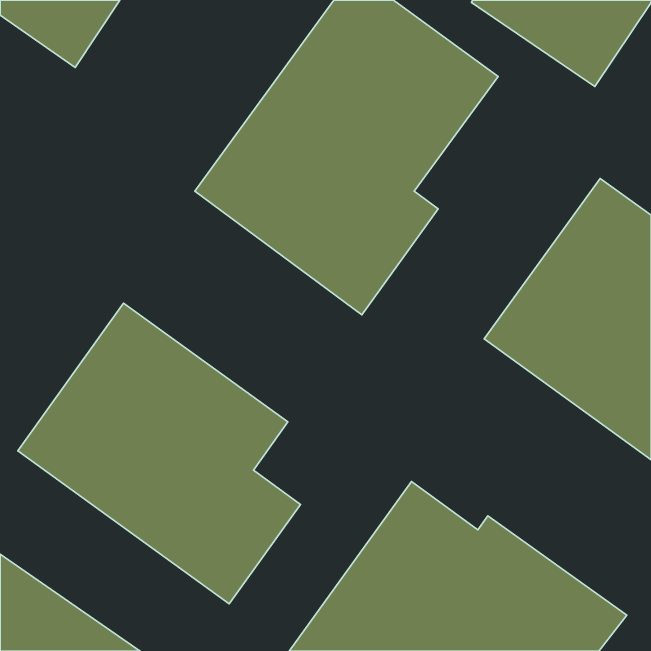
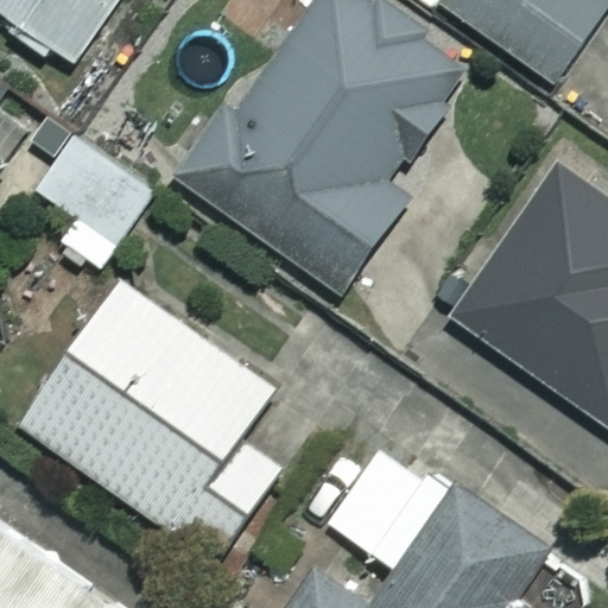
building: none -> [40,133,154,270]

